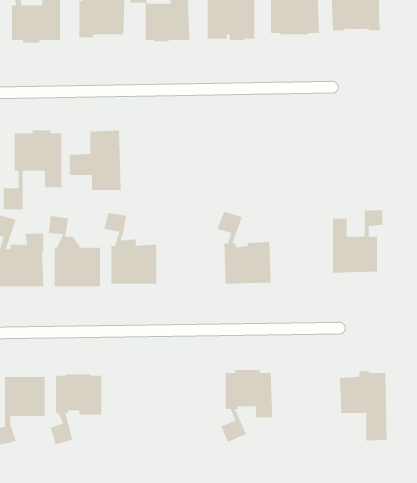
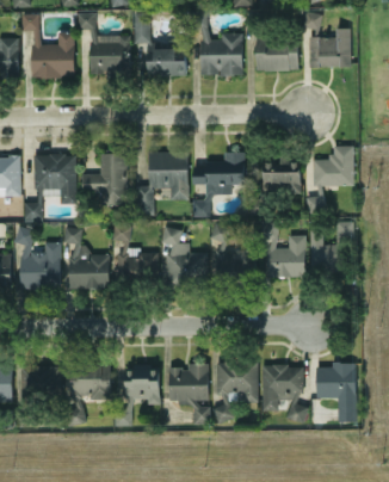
building: none -> [304,146,353,215]
building: none -> [136,152,187,216]
building: none -> [192,152,243,217]
building: none -> [248,162,301,217]
building: none -> [259,222,304,277]
building: none -> [160,225,208,291]
building: none -> [115,364,160,426]
building: none -> [168,364,210,424]
building: none -> [261,364,308,424]

